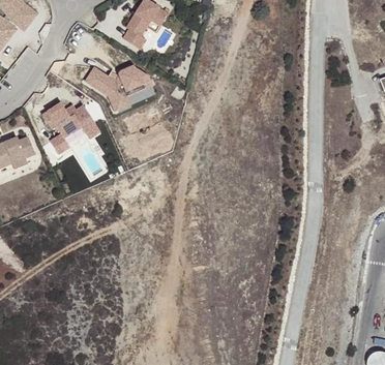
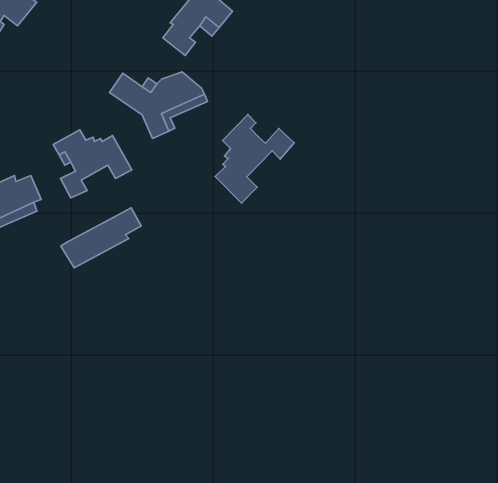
building: none -> [215,115,294,203]
building: none -> [61,208,141,268]

